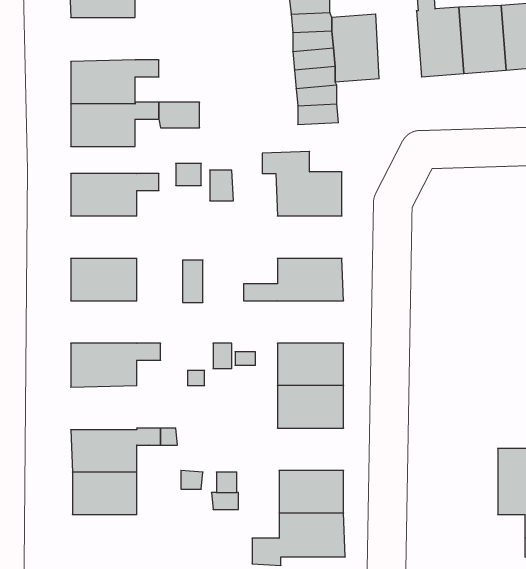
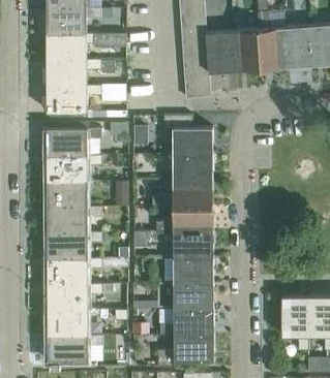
building: none -> [233,30,261,71]
building: none -> [47,34,126,61]
building: none -> [47,155,101,181]
building: none -> [173,155,212,181]
building: none -> [47,207,101,232]
building: none -> [156,207,213,232]
building: none -> [47,258,101,285]
building: none -> [173,284,213,310]
building: none -> [281,296,308,351]
building: none -> [48,336,101,363]

